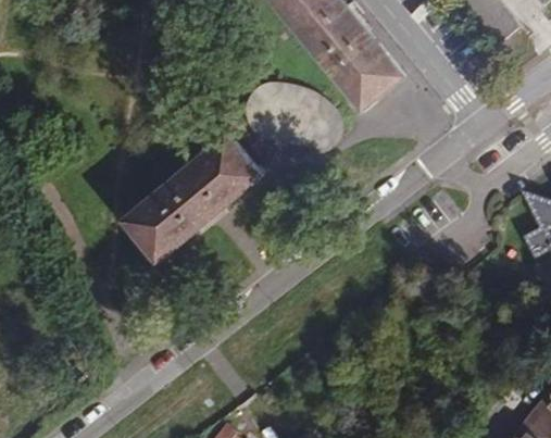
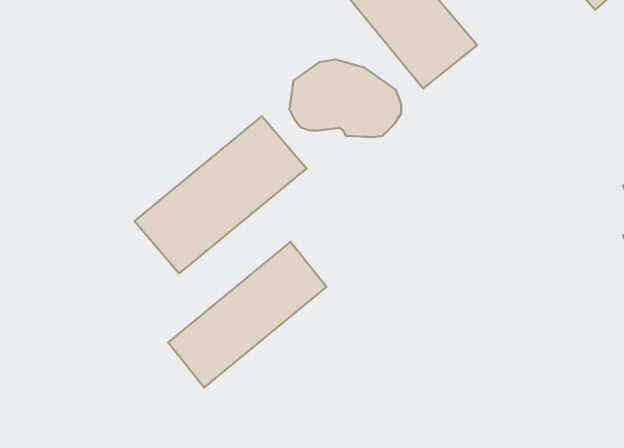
building: none -> [168,242,326,388]

